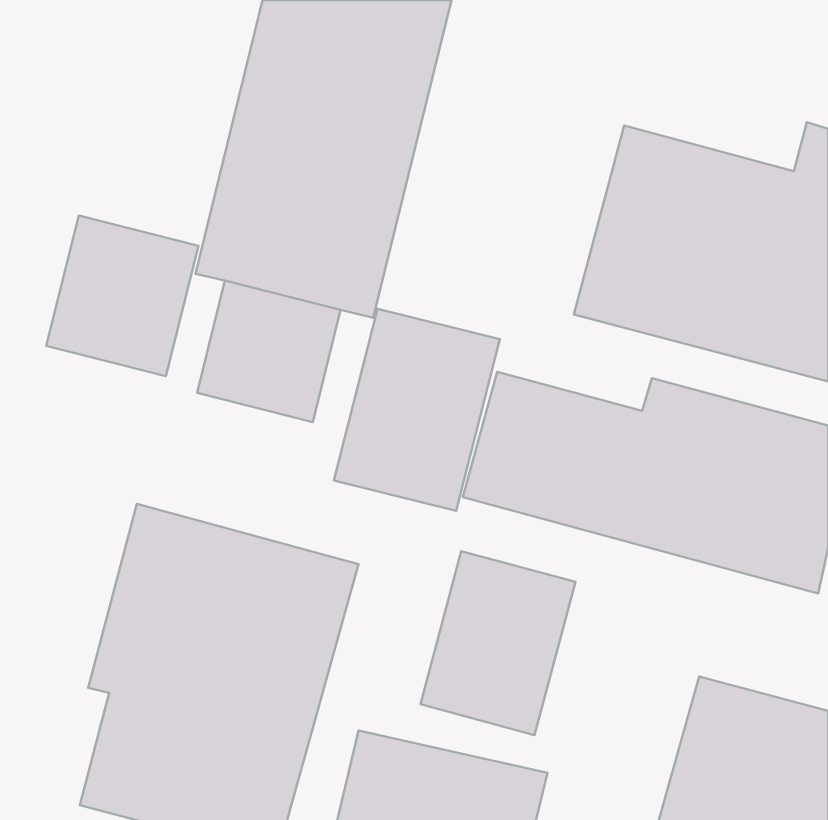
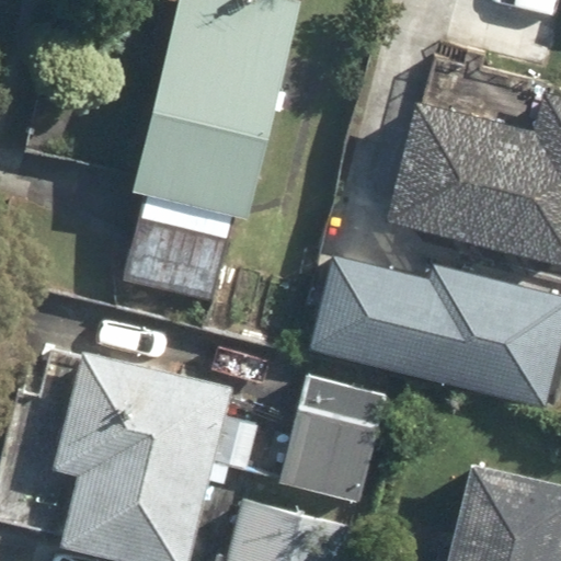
building: [46,215,198,376] -> none
building: [334,309,500,511] -> none

